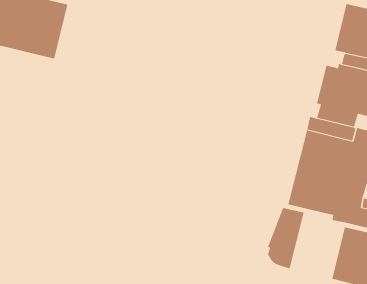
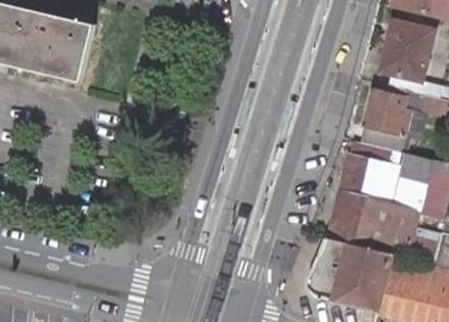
building: none -> [332,243,391,314]

